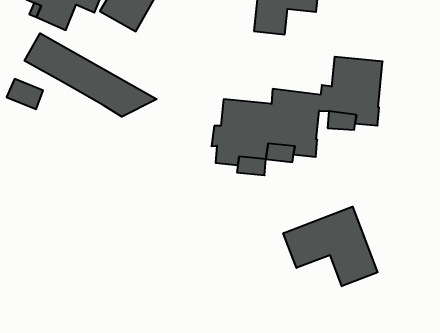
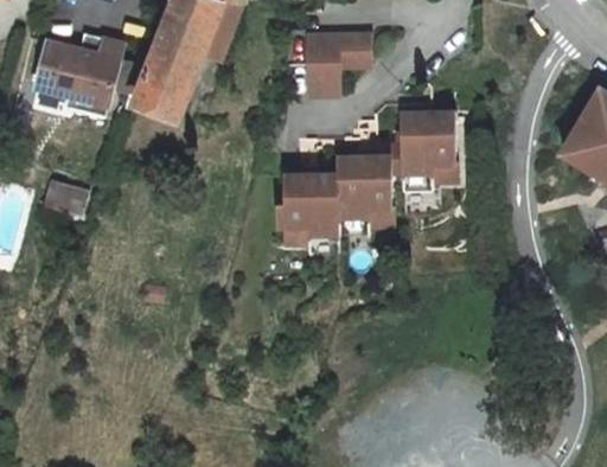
building: [25,33,157,117] -> none
building: [283,207,378,286] -> none

